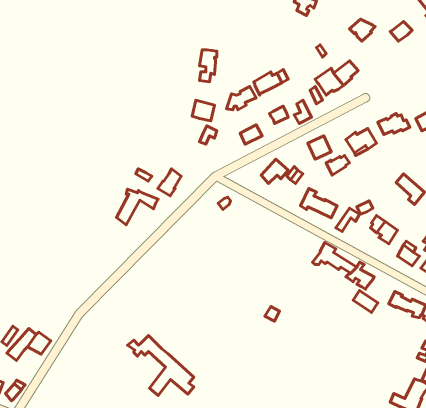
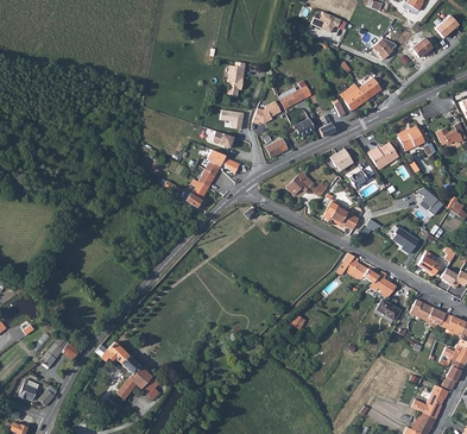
building: [116,189,158,225] -> [198,153,239,188]
building: [128,335,194,396] -> [94,341,158,400]

